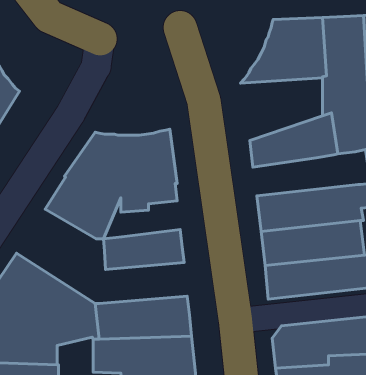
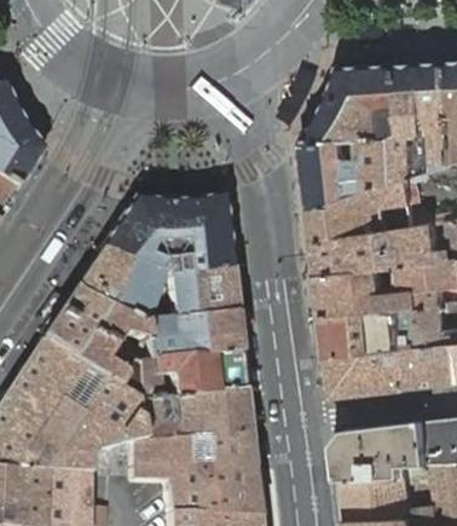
building: none -> [306,137,403,210]
building: none -> [320,224,447,276]
building: none -> [164,282,235,324]
building: none -> [41,291,145,391]
building: none -> [135,354,243,403]

